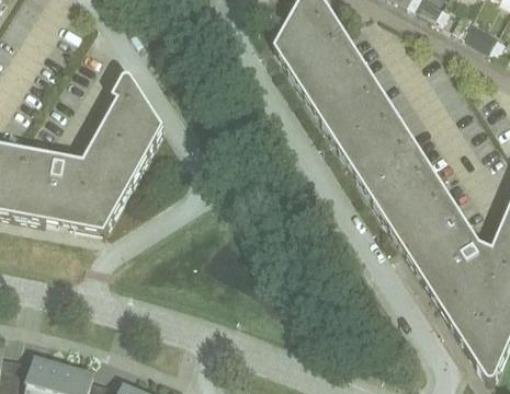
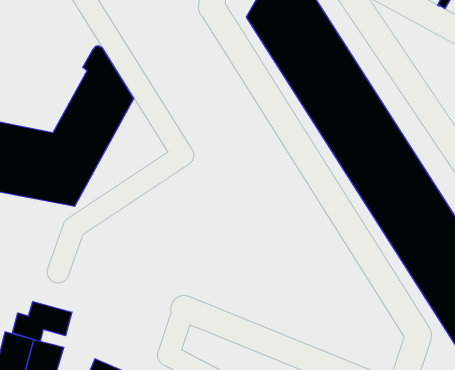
building: none -> [12,302,72,341]

